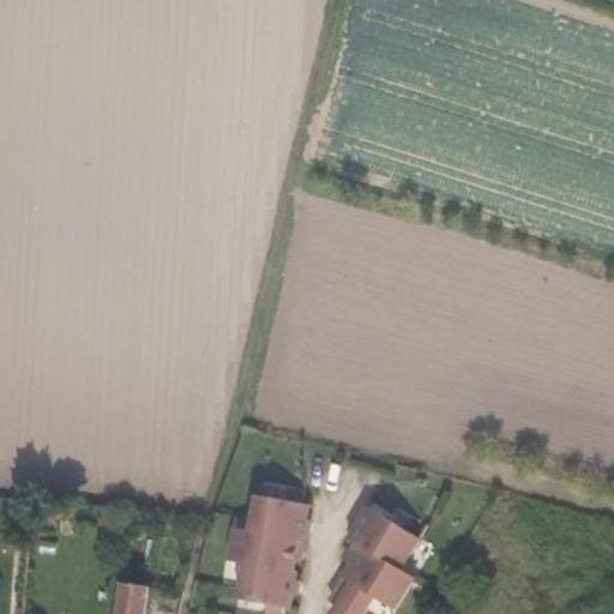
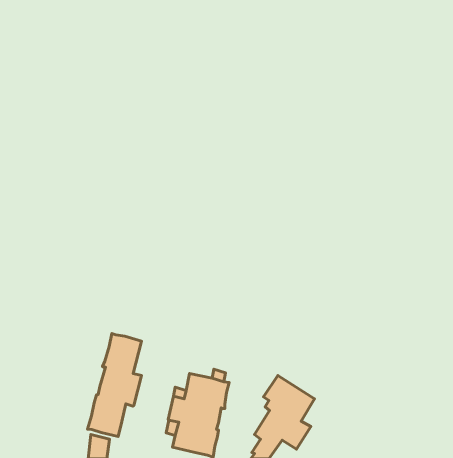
building: none -> [87,334,141,436]

